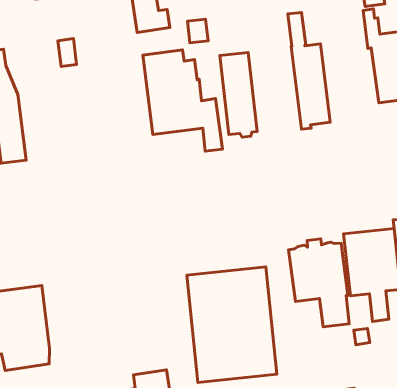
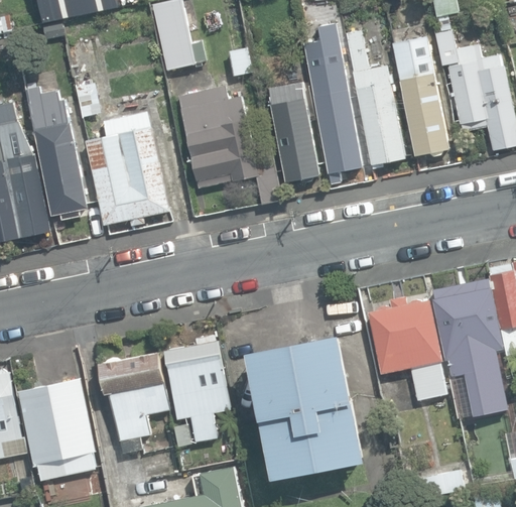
building: none -> [390,37,448,156]
building: none -> [307,61,361,180]
building: none -> [26,86,88,220]
building: none -> [85,109,169,228]
building: none -> [164,332,235,446]
building: none -> [99,352,169,440]

